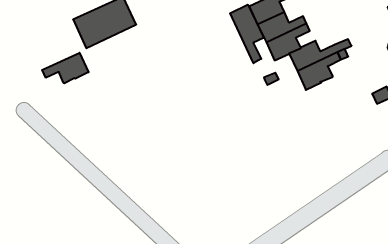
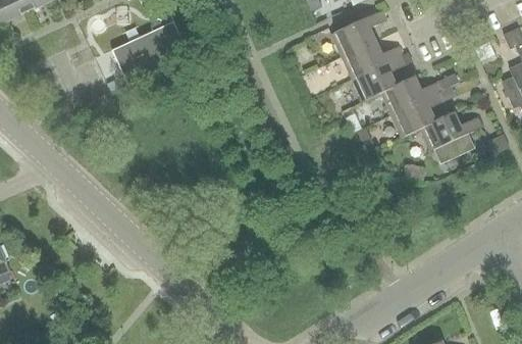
building: [230,5,264,63] -> none
building: [42,53,89,83] -> none
building: none -> [420,112,480,162]

